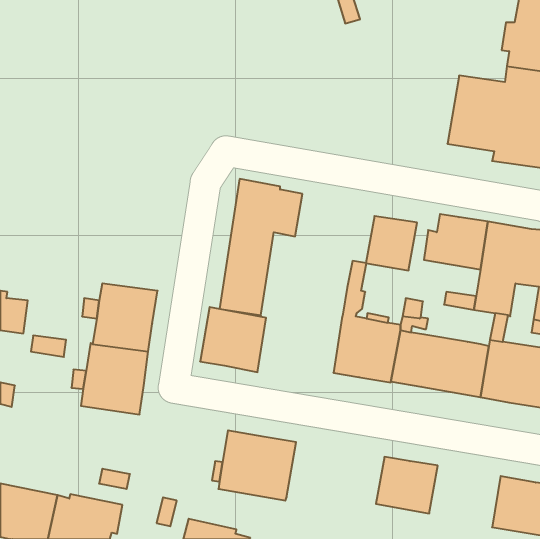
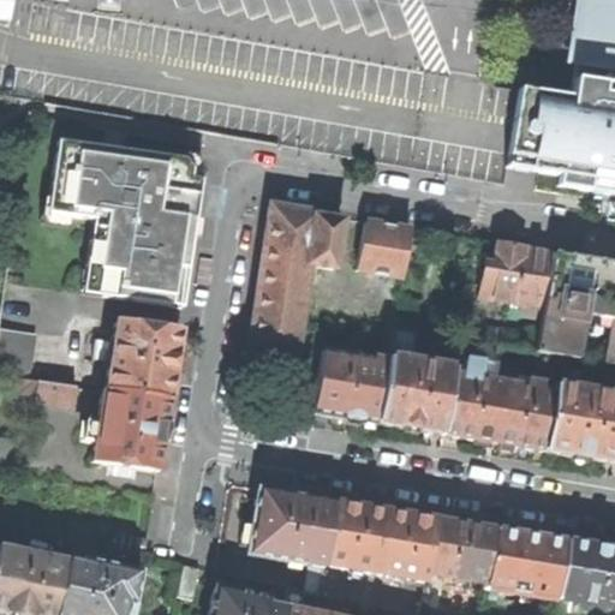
building: none -> [52,137,205,303]
building: [366,216,417,270] -> [356,219,413,280]
building: [200,307,266,372] -> [316,347,390,420]
building: none -> [328,498,438,578]
building: none -> [488,525,569,596]

